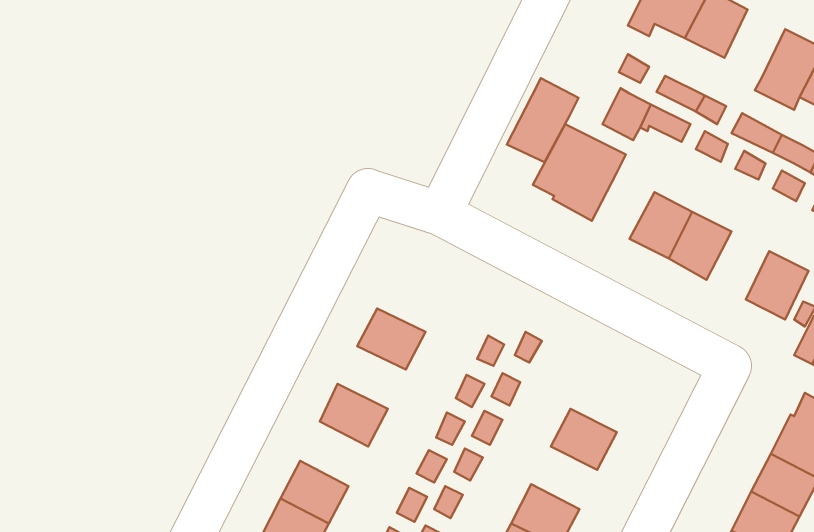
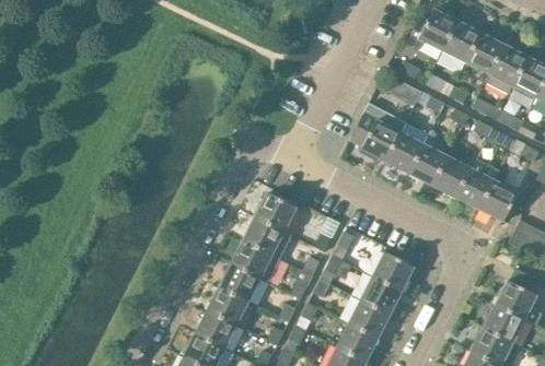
building: none -> [466,34,503,75]
building: [507,78,578,162] -> [385,122,429,174]
building: none -> [455,169,494,211]
building: none -> [254,192,295,231]
building: none -> [230,239,280,282]
building: none -> [372,252,413,292]
building: none -> [207,285,248,324]
building: none -> [348,300,389,339]

